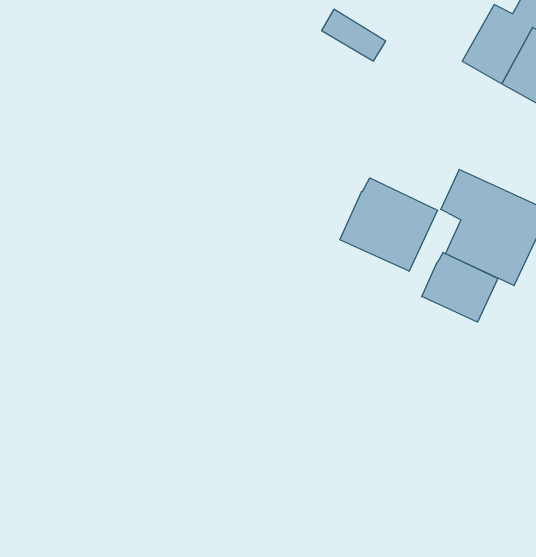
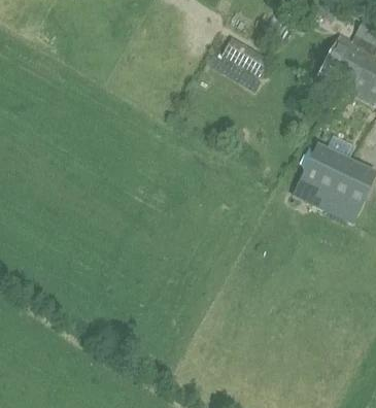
building: [340,178,438,271] -> none
building: [422,252,498,322] -> none

